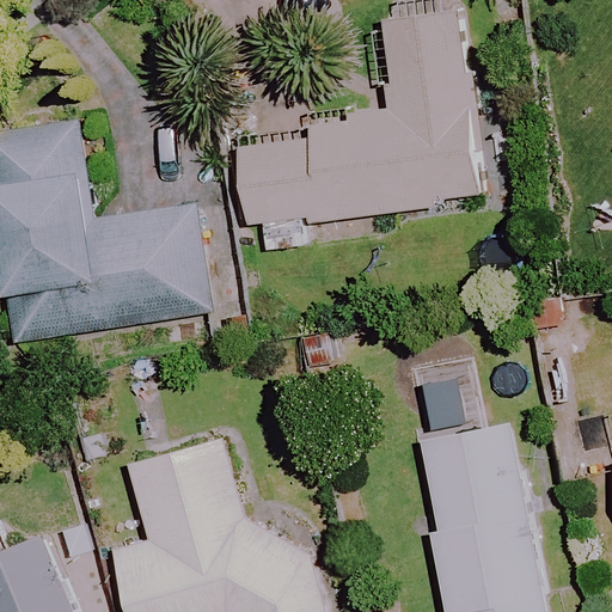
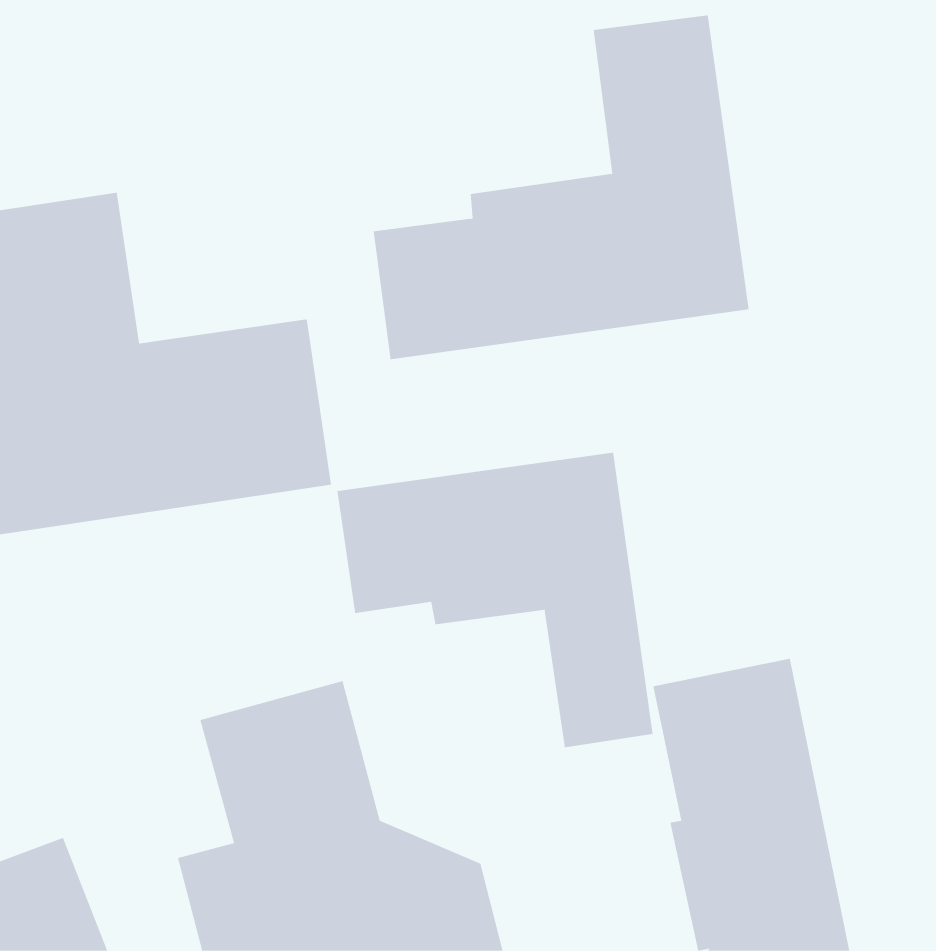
building: none -> [337,452,653,748]

